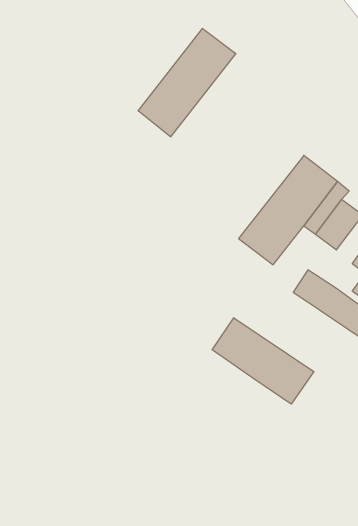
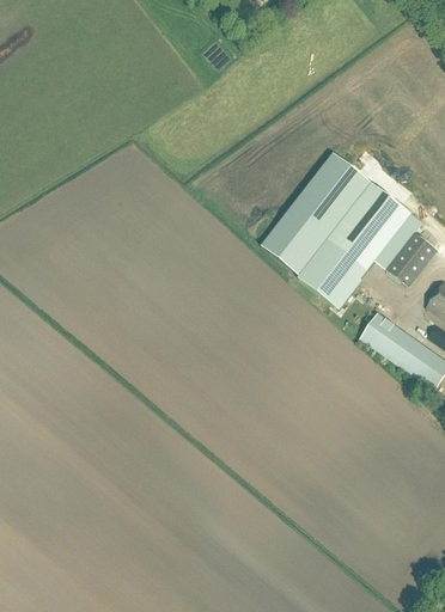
building: [138,28,236,137] -> [261,154,372,277]
building: [212,318,314,404] -> none

